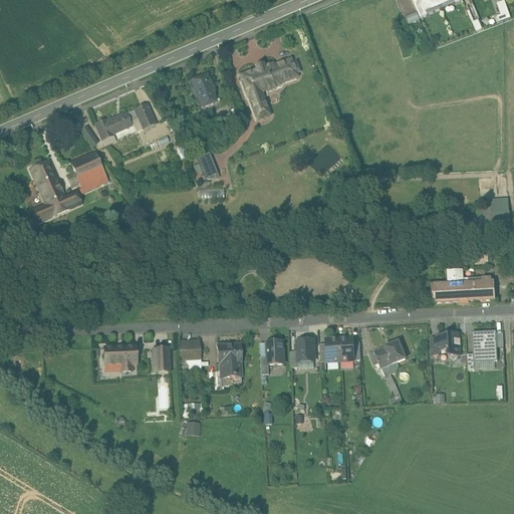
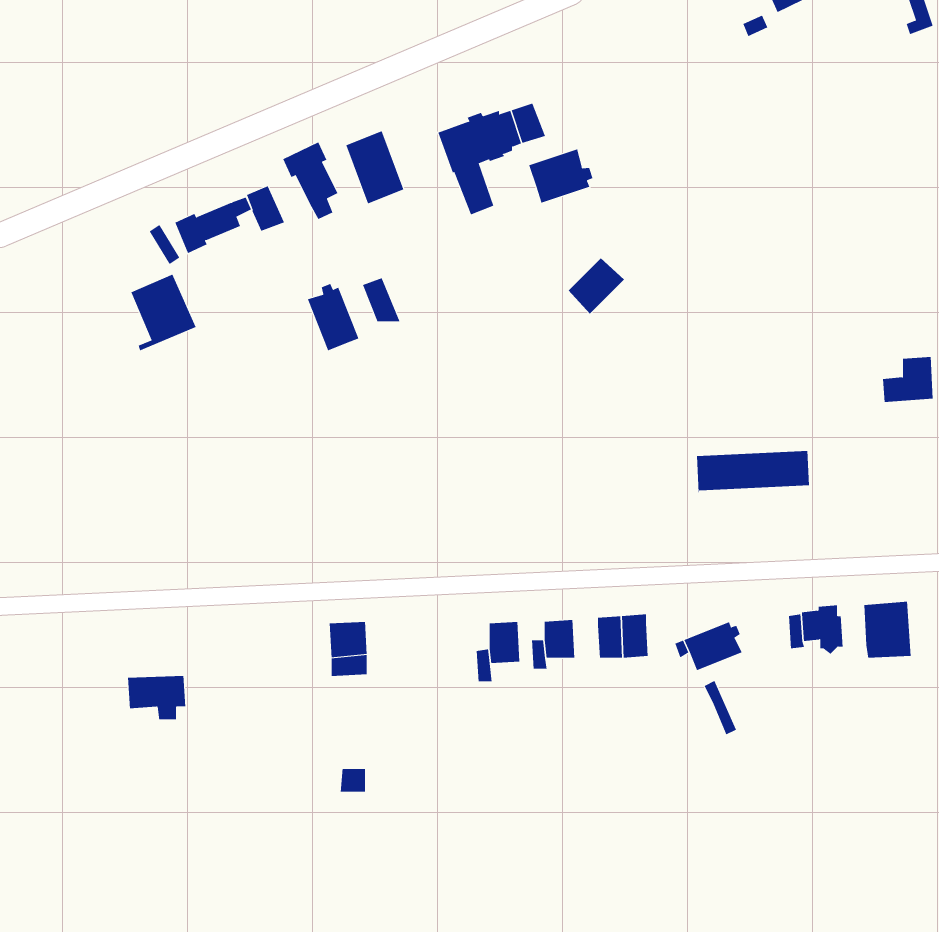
building: none -> [283,142,338,220]
building: none -> [529,149,593,204]
building: none -> [307,283,359,351]
building: [30,159,80,221] -> none
building: [432,279,494,302] -> [696,450,810,493]
building: [218,342,241,383] -> none
building: [151,344,171,371] -> none
building: [104,345,137,369] -> [127,676,186,720]

